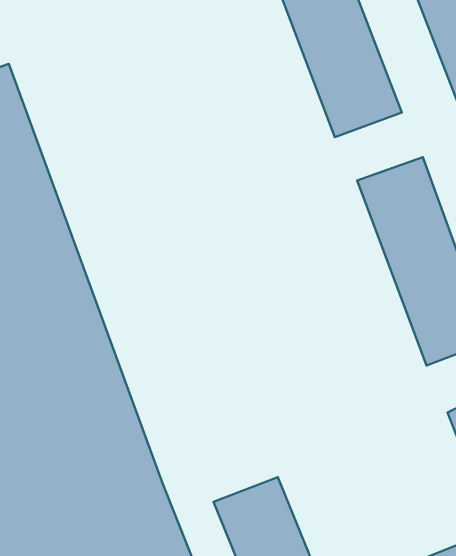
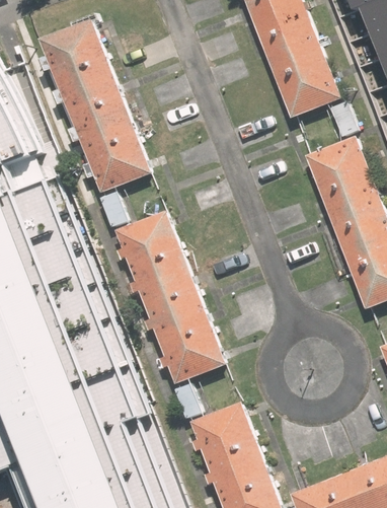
building: none -> [42,22,152,195]
building: none -> [117,211,227,383]

